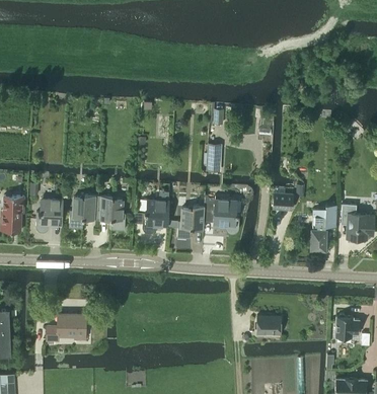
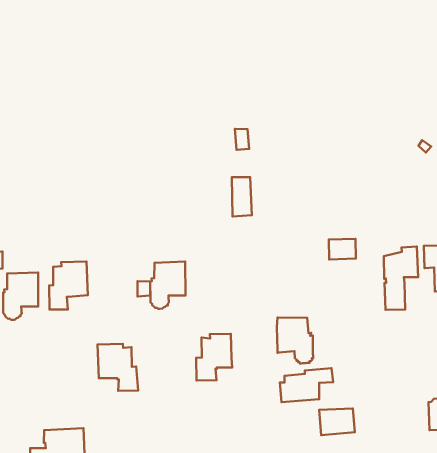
building: [97,195,125,231] -> [97,344,138,391]
building: [213,200,239,234] -> [277,317,313,364]
building: [176,206,204,239] -> [196,334,232,380]
building: none -> [280,368,333,402]

